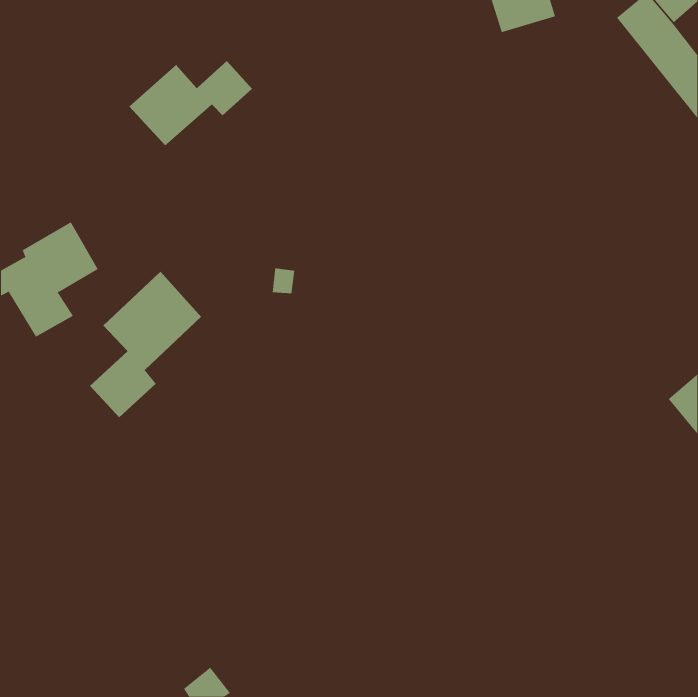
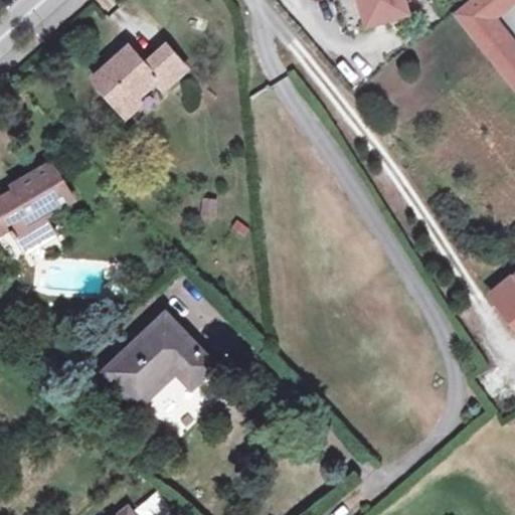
building: [89,271,202,418] -> none
building: none -> [107,315,214,405]

